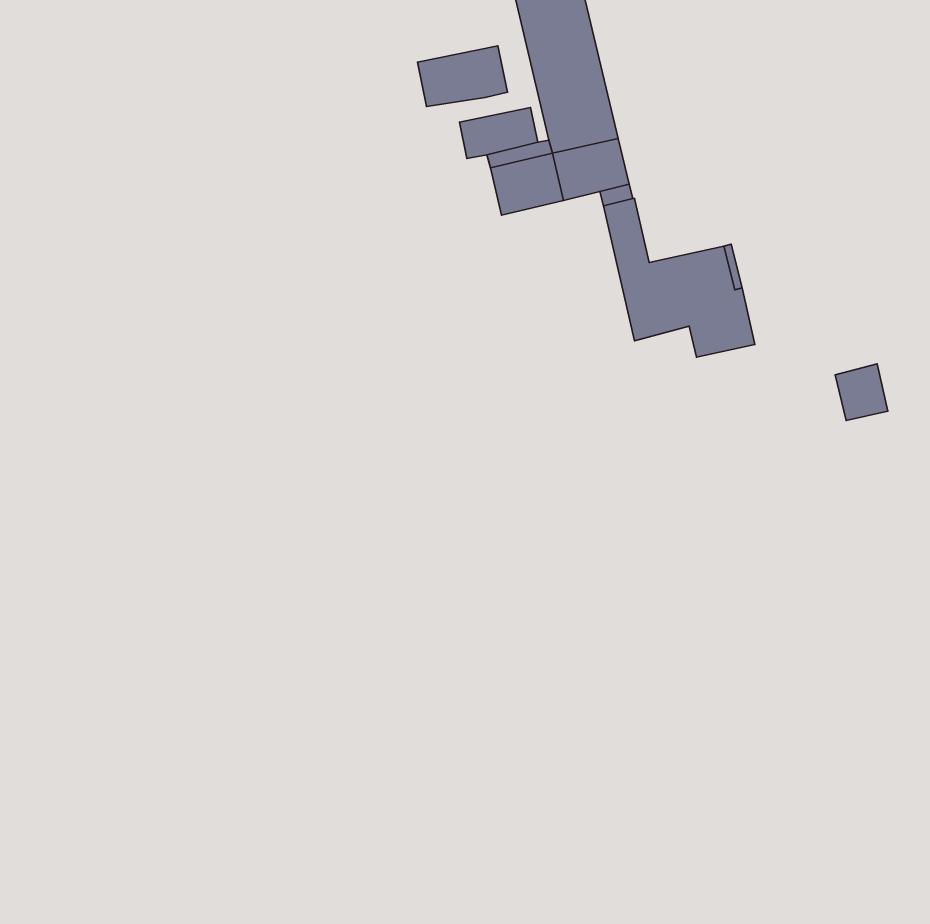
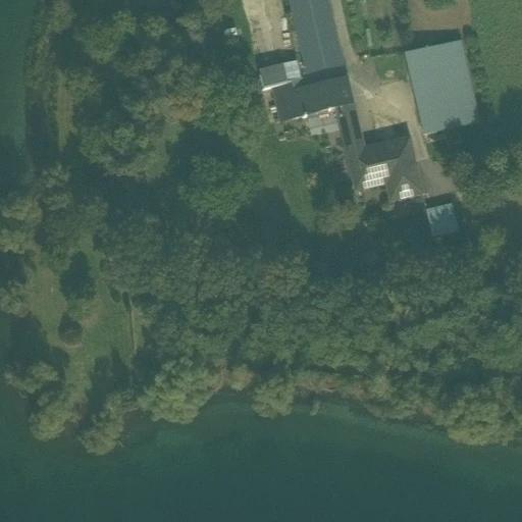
building: [418,46,508,107] -> none
building: none -> [405,40,479,134]
building: [835,364,888,420] -> [427,203,457,234]

